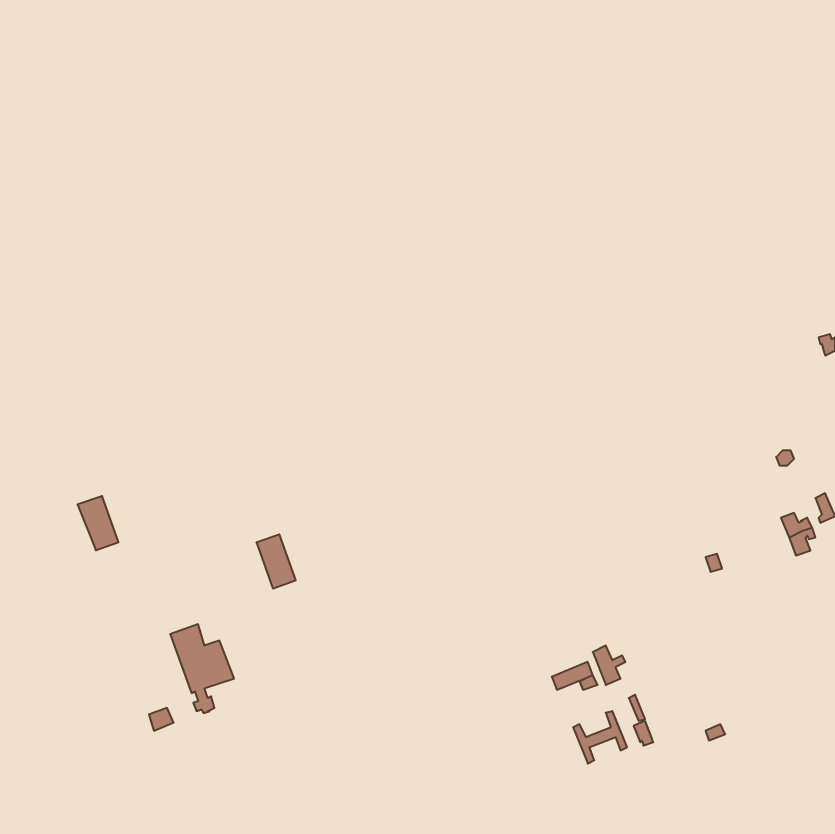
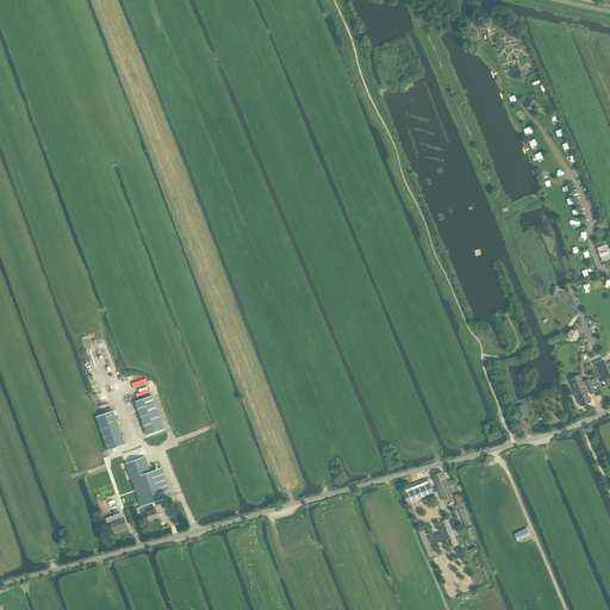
building: [78,496,119,550] -> [94,409,124,448]
building: [256,534,296,588] -> [133,393,162,432]

